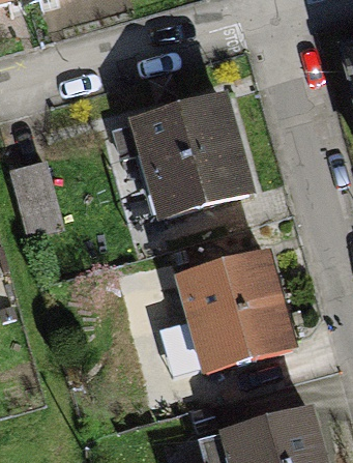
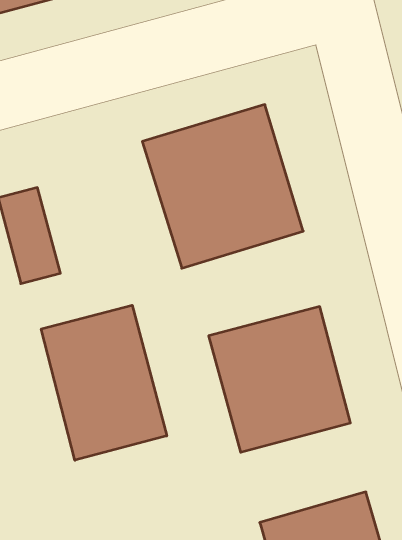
building: none -> [41,305,167,460]

